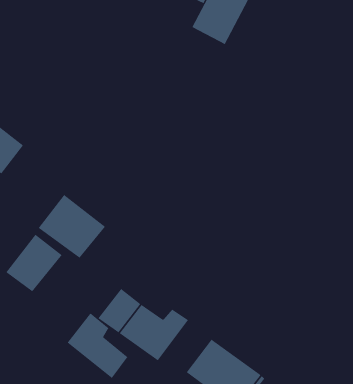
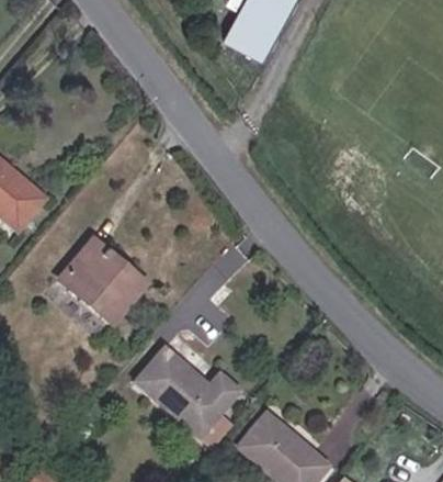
building: [5,234,63,292] -> none
building: [67,312,128,379] -> none

